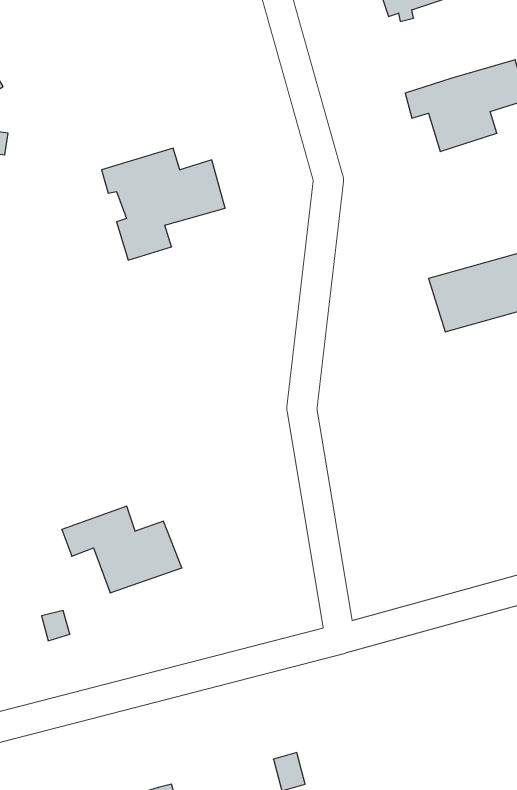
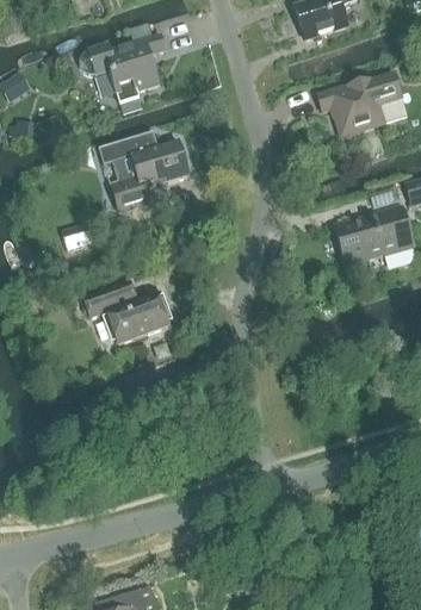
building: none -> [80,35,166,99]
building: [62,506,182,593] -> [83,281,169,343]

